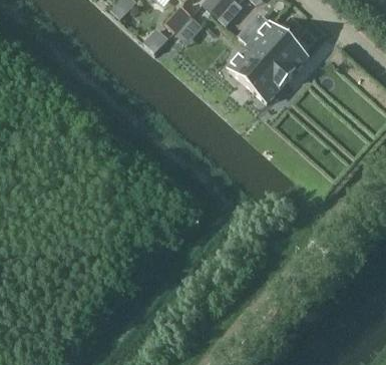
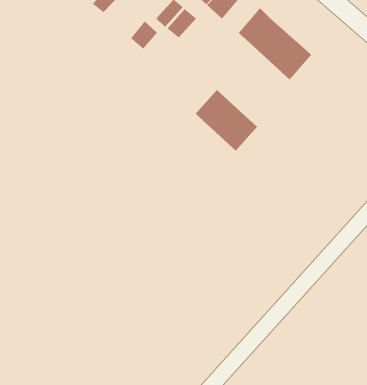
building: [232,43,289,99] -> [195,89,258,151]

